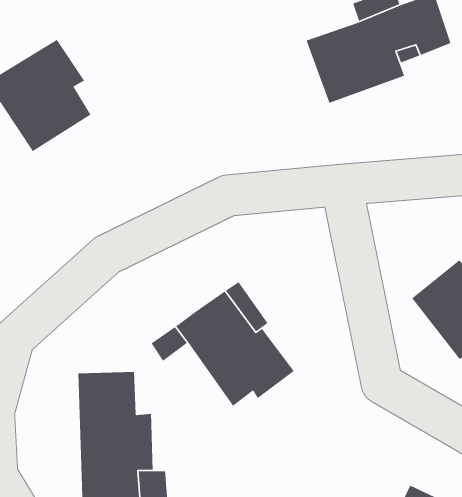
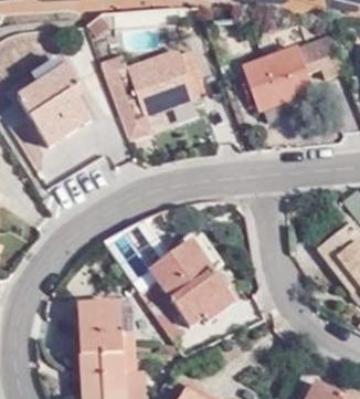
building: none -> [105,48,209,113]

